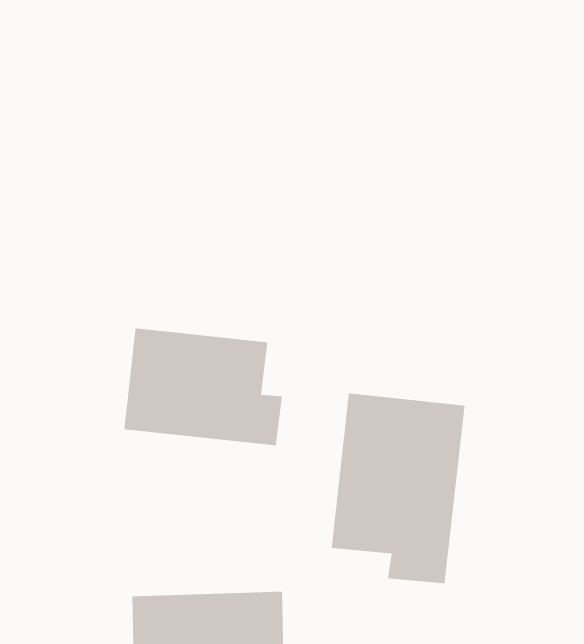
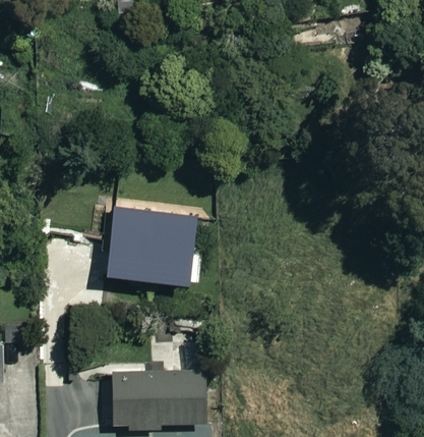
building: [331,392,465,584] -> none

